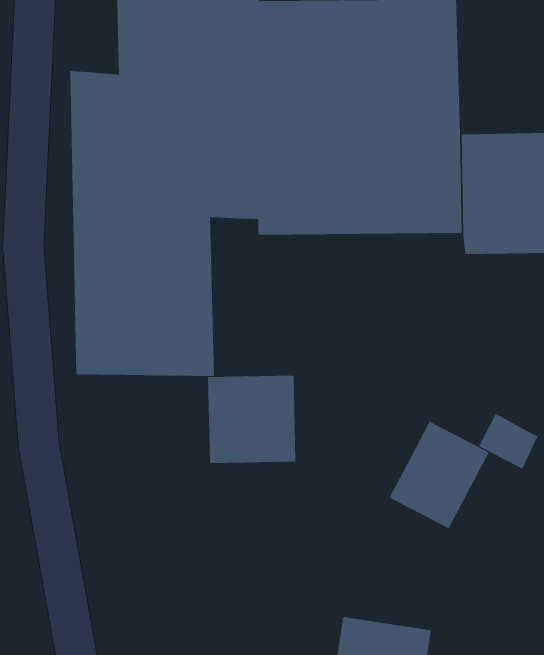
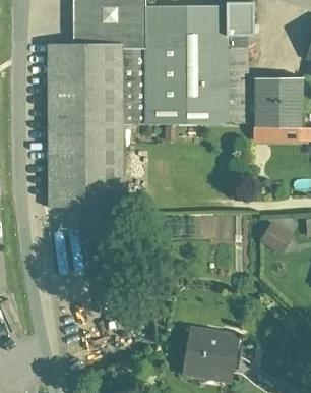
building: [207,375,296,464] -> none
building: [389,421,490,529] -> none

